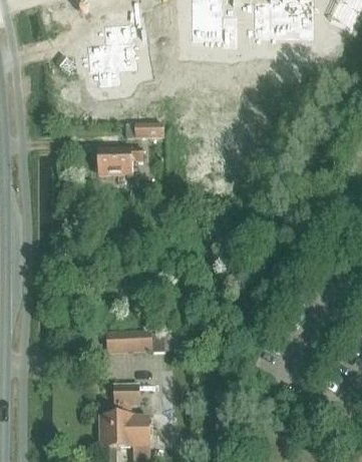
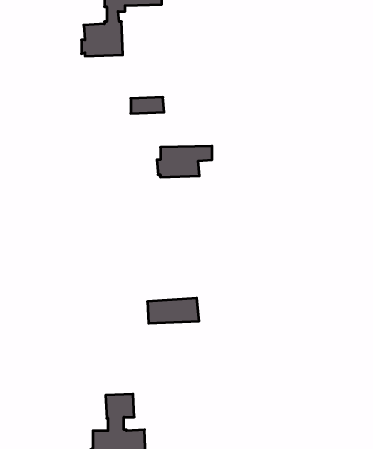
building: [94,147,142,174] -> [157,146,212,177]
building: [105,330,150,352] -> [147,298,199,323]

